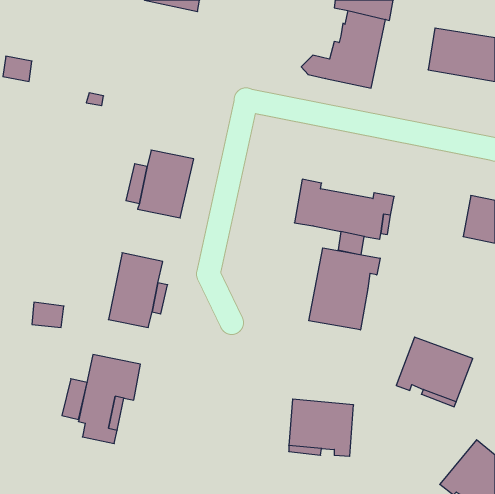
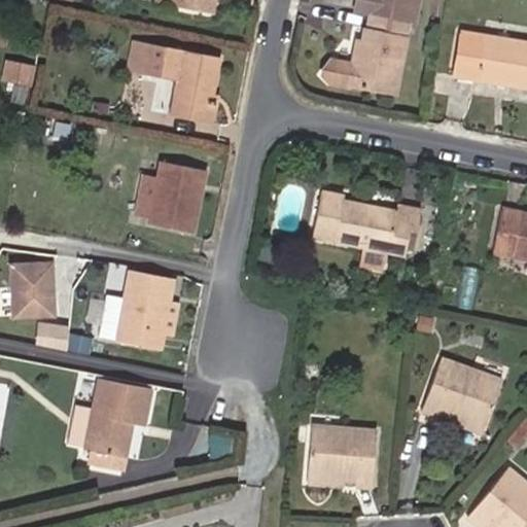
building: none -> [143,43,220,121]
building: none -> [11,261,58,319]
building: [309,248,380,330] -> none

